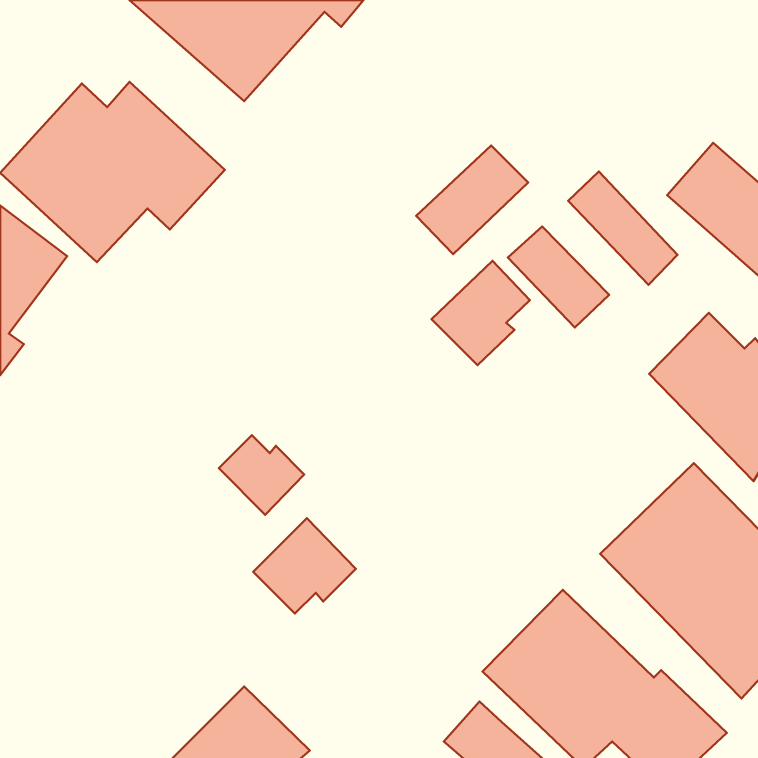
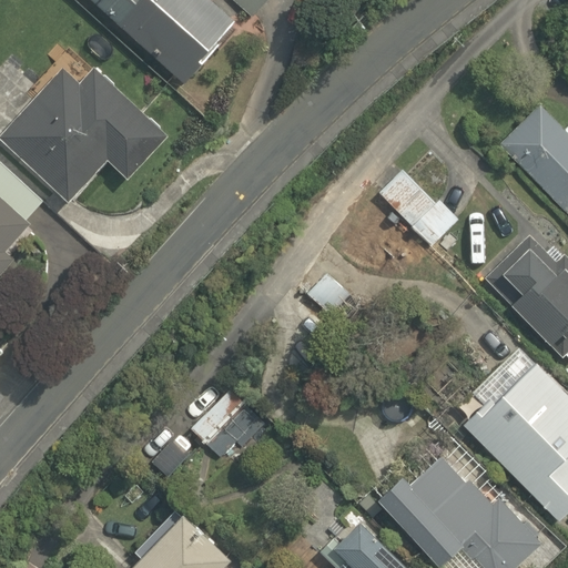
building: [416,146,528,254] -> none
building: [568,171,678,285] -> none
building: [432,261,530,365] -> none
building: [219,435,304,515] -> none

